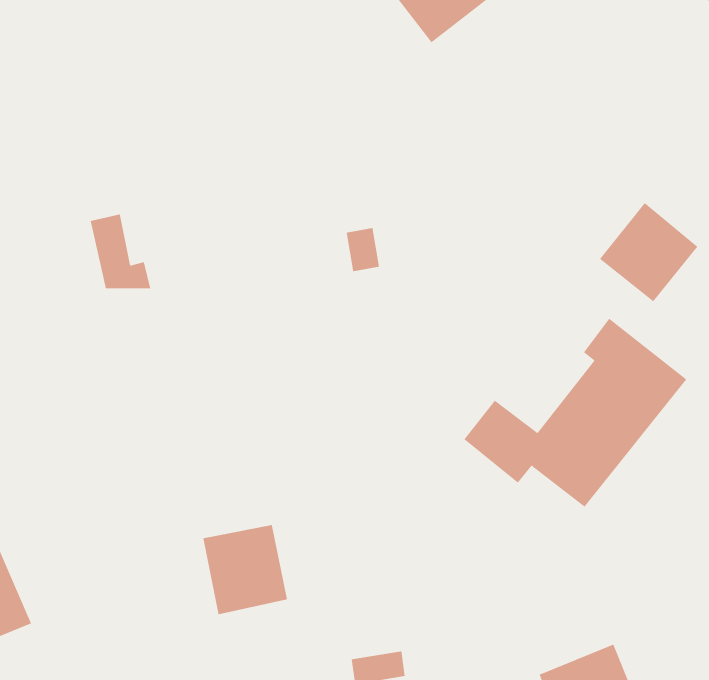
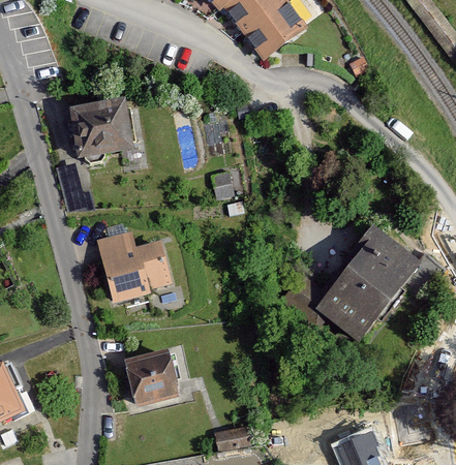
building: none -> [72,100,132,163]
building: [599,202,698,302] -> none
building: none -> [98,230,171,301]

